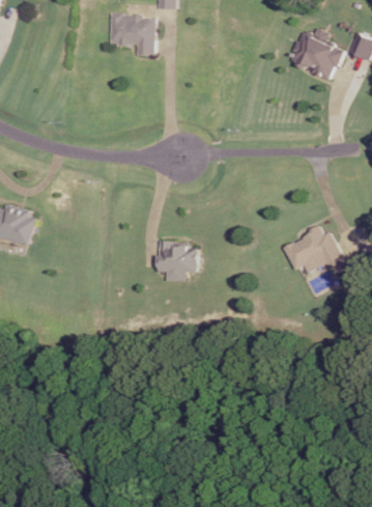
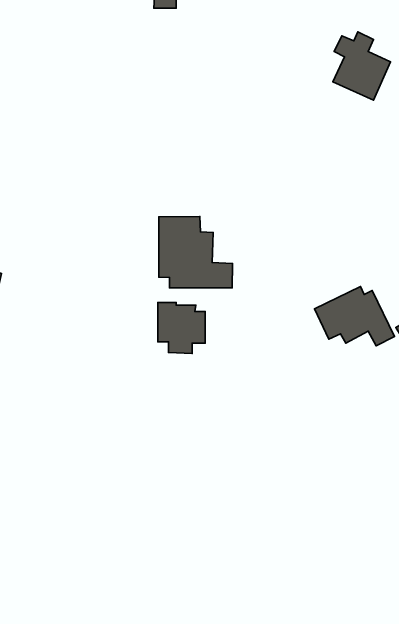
building: [108,13,153,55] -> none
building: none -> [159,216,232,288]

